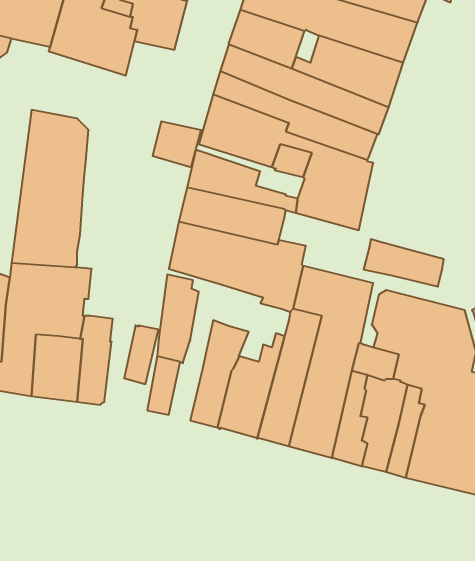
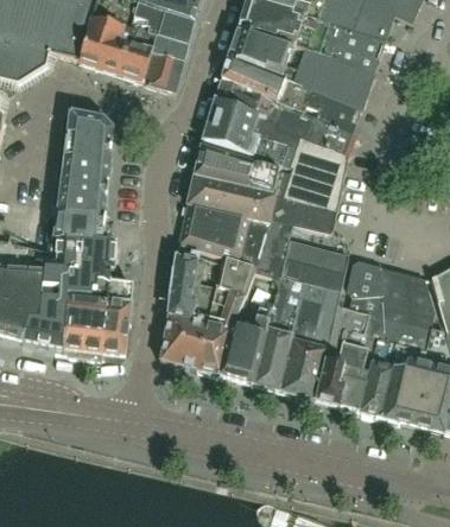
building: [153,121,201,167] -> [142,53,183,91]
building: [364,239,444,287] -> [270,193,336,233]
building: none -> [215,255,256,294]
building: [124,325,158,384] -> [178,319,207,368]

